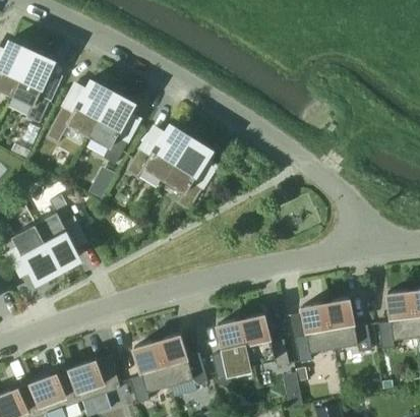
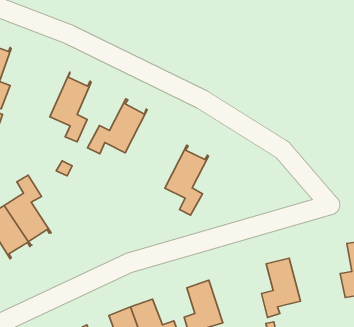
building: [47,79,114,144] -> none
building: [165,137,213,211] -> [165,145,208,215]
building: [326,299,372,352] -> none
building: [241,314,290,367] -> none

